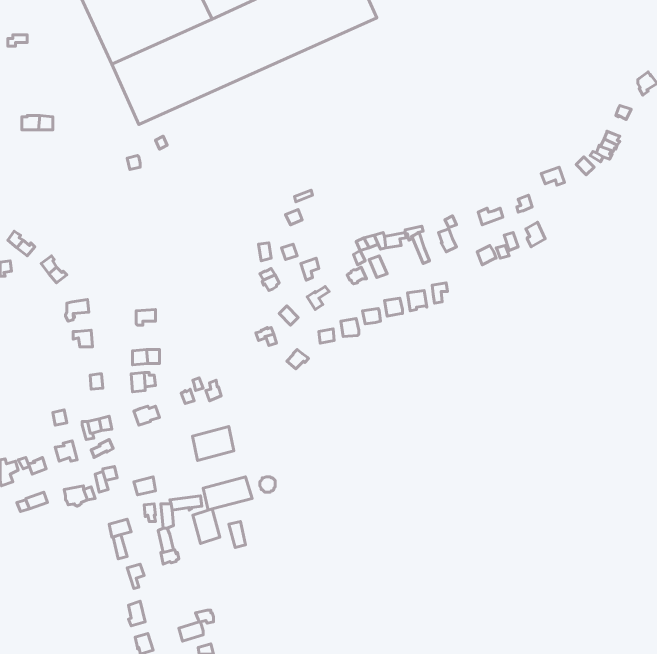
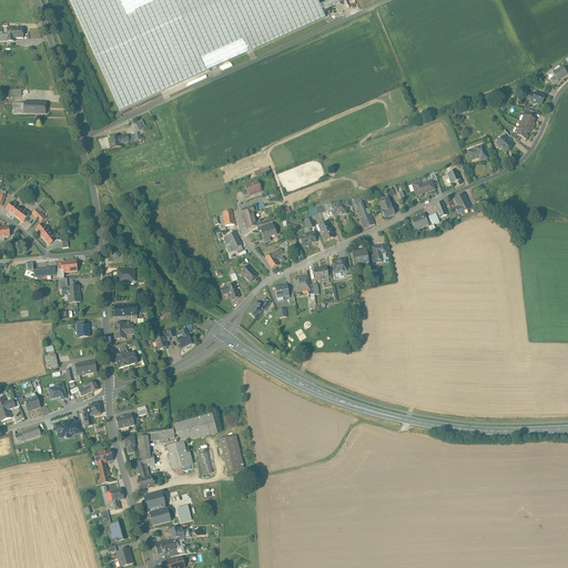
building: [193,427,234,461] -> none
building: none -> [220,434,244,470]
building: none -> [144,491,170,524]

